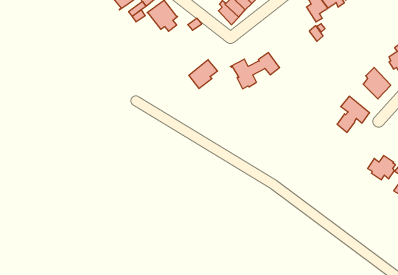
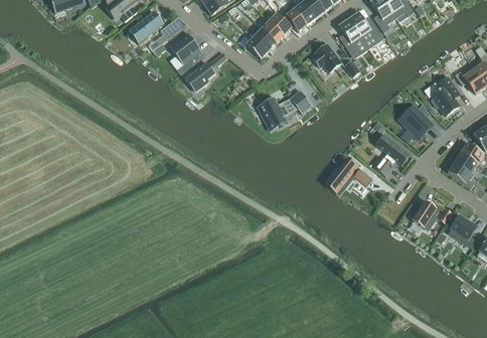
building: none -> [312,43,342,72]
building: [189,60,218,89] -> [184,61,215,93]
building: none -> [328,156,372,189]

